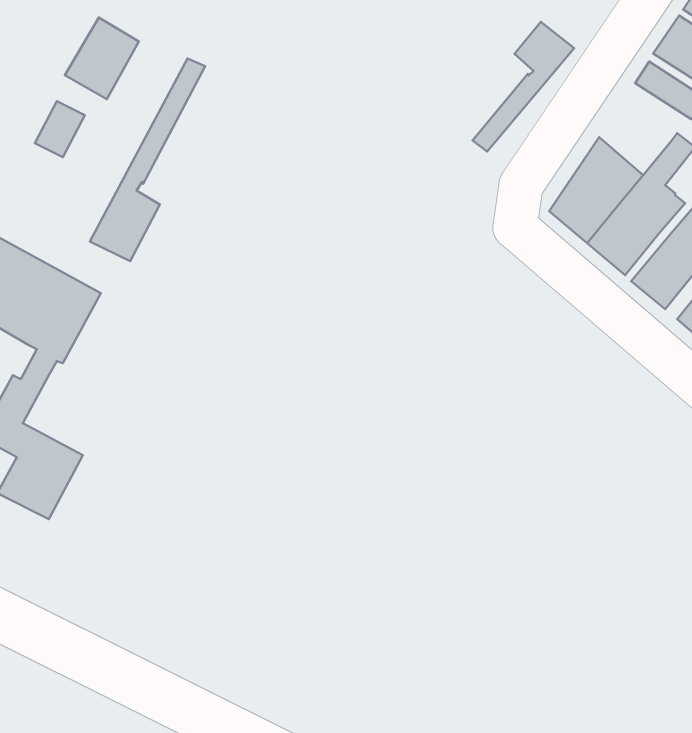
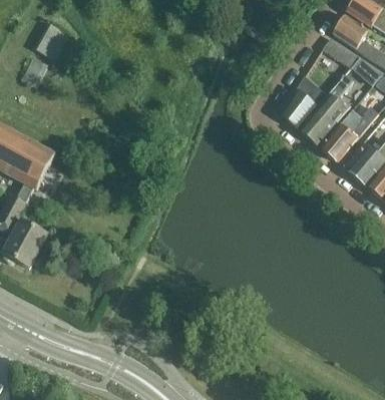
building: [472,22,574,151] -> none
building: [90,59,205,261] -> none

